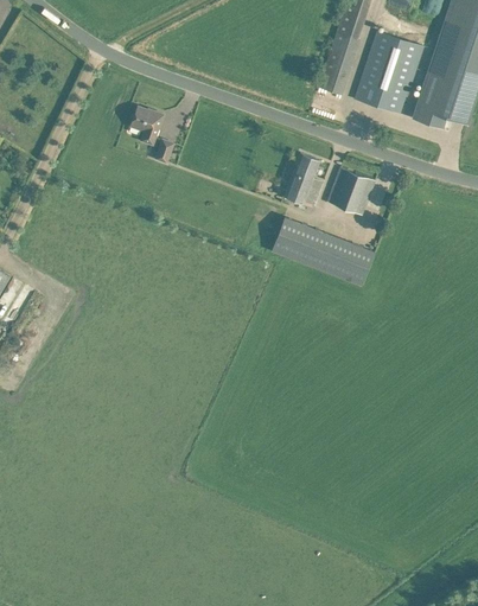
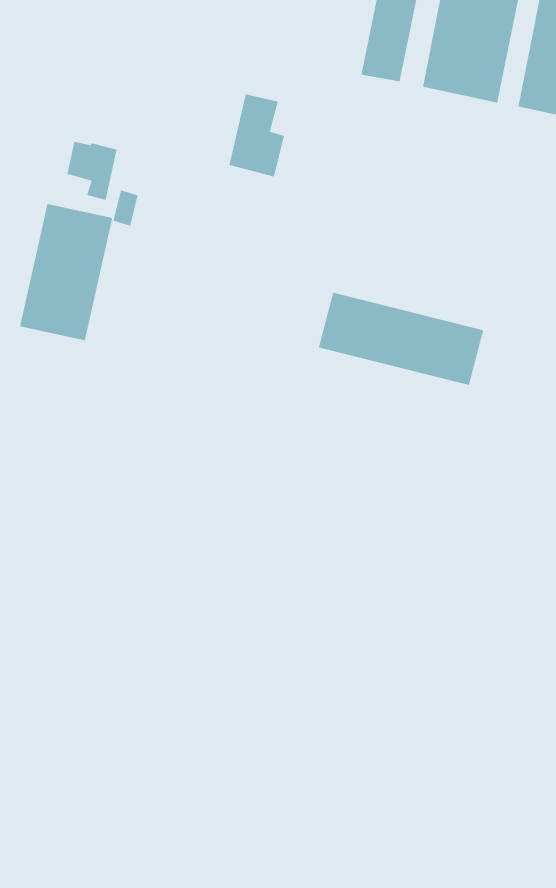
building: none -> [19,203,113,341]
building: [285,153,321,206] -> [228,94,285,177]
building: [327,167,375,215] -> none

